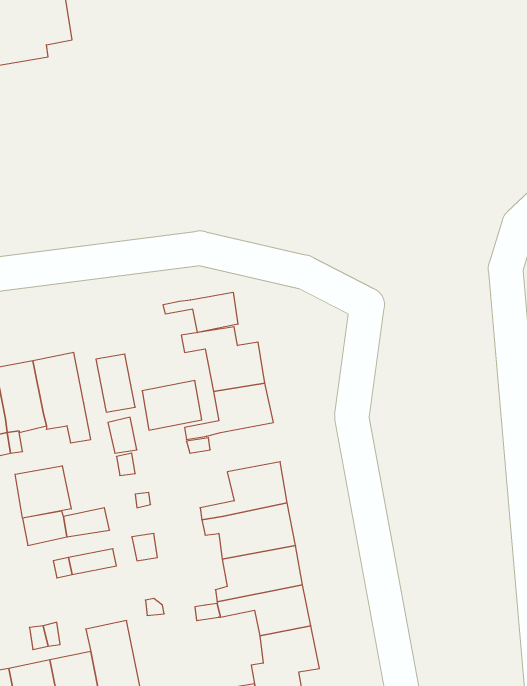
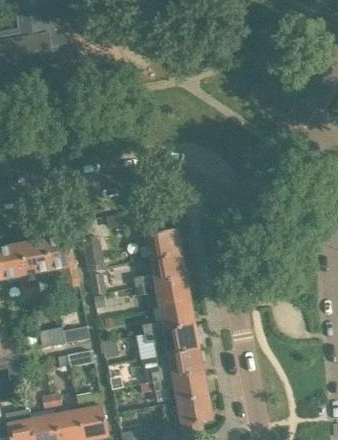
building: [163,292,238,333] -> none
building: [142,381,202,430] -> [154,275,189,304]
building: [15,466,71,518] -> none

